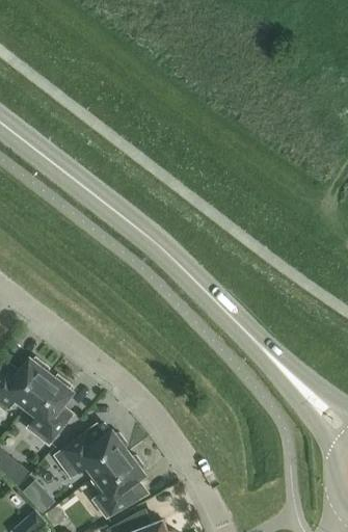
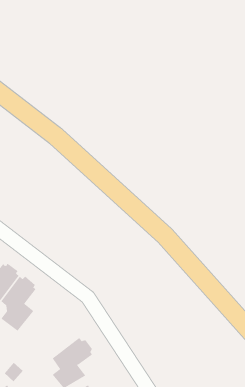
building: [55,431,128,480] -> none

